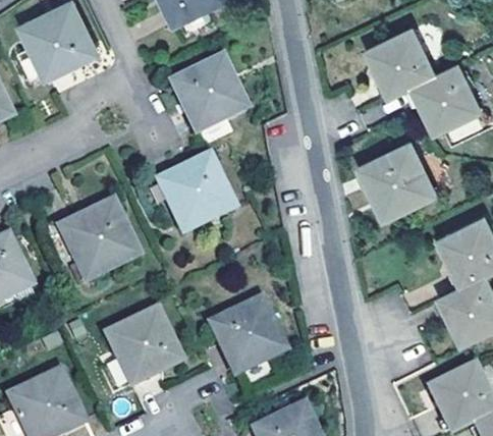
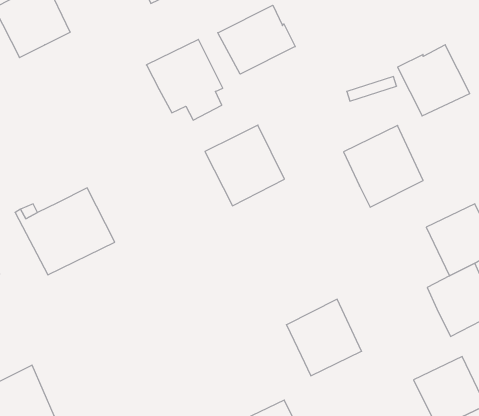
building: none -> [218,5,295,74]
building: [367,28,436,96] -> none
building: [157,154,233,231] -> [205,125,284,206]
building: [212,298,284,372] -> [286,299,362,376]
building: [109,311,179,382] -> none

